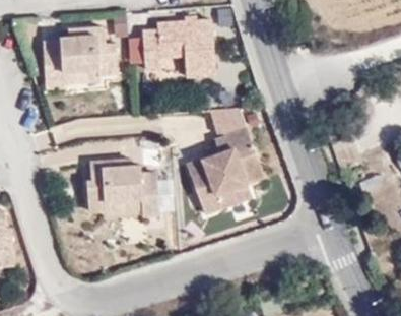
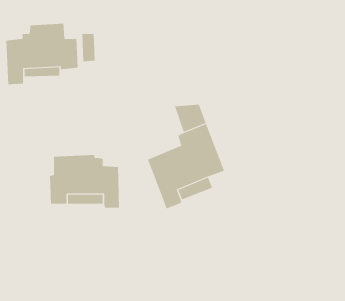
building: [144,21,216,75] -> none

